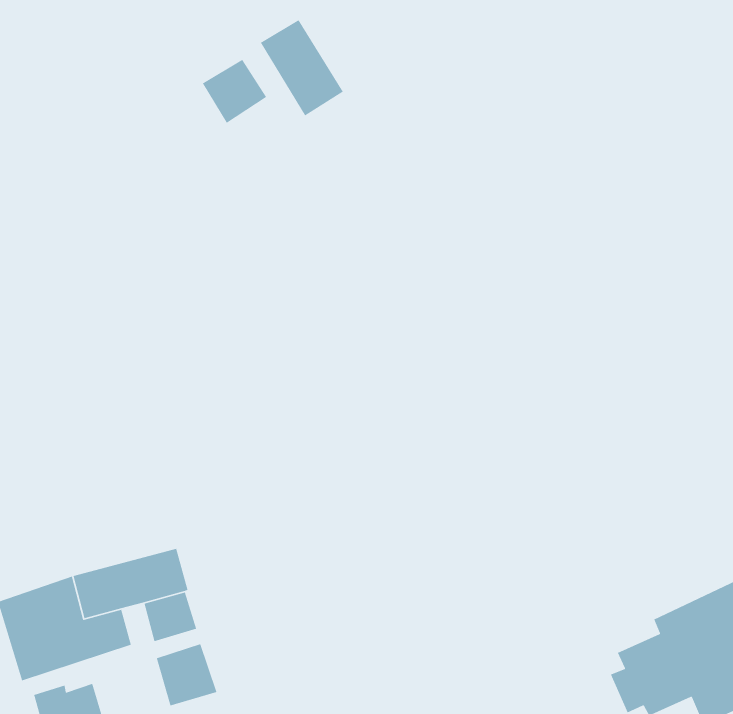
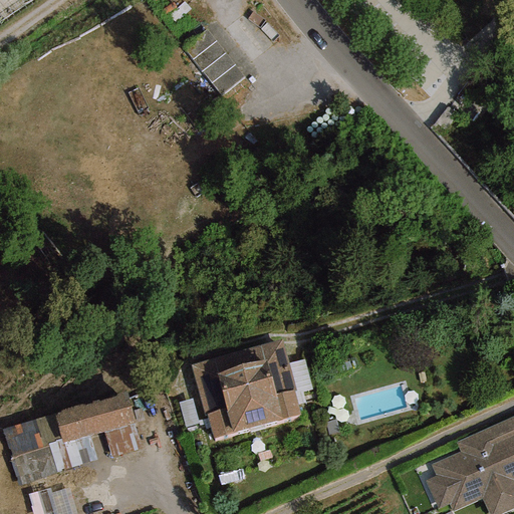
building: [202,59,267,124] -> none
building: none -> [191,340,299,438]
building: [156,643,217,707] -> none

